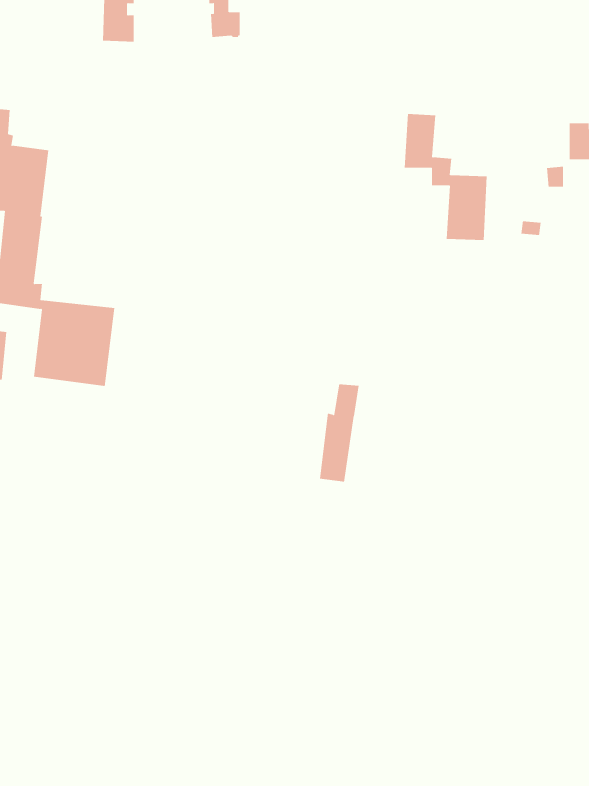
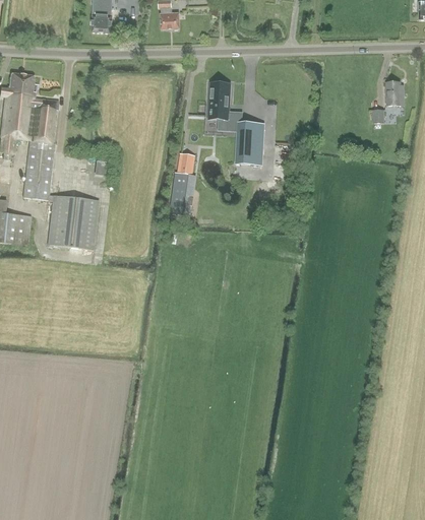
building: [404,114,488,241] -> [209,83,262,164]
building: [319,384,359,482] -> [170,152,195,214]

